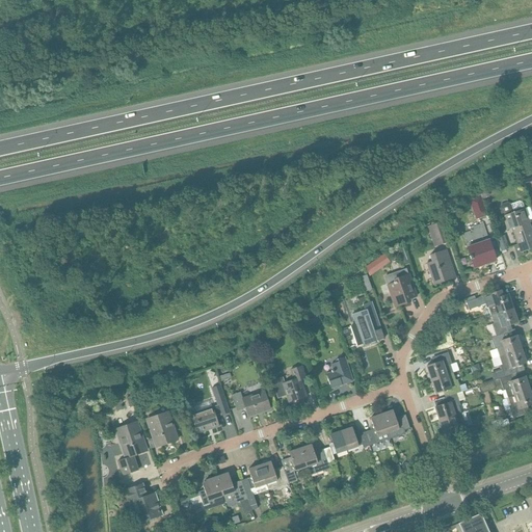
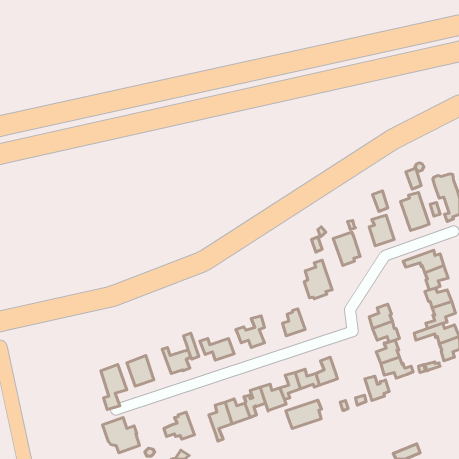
building: [382,409,410,437] -> [365,376,389,401]
building: none -> [286,400,322,429]
building: [216,472,250,505] -> none

